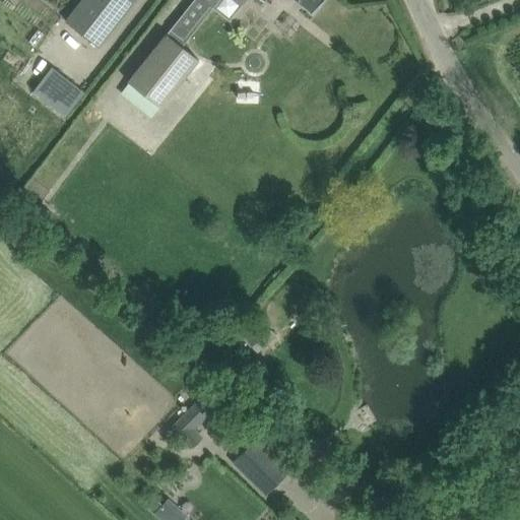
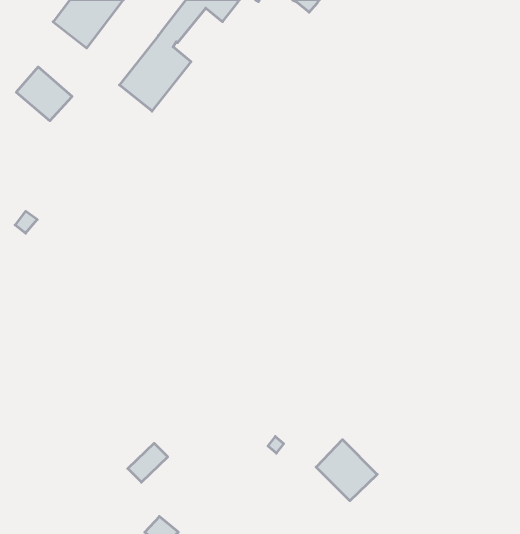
building: [173,397,211,435] -> [128,443,168,482]
building: [231,437,289,496] -> [316,440,377,501]

